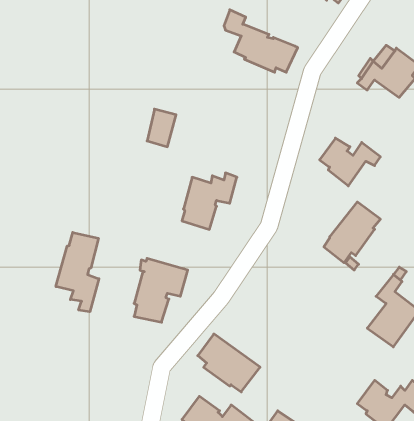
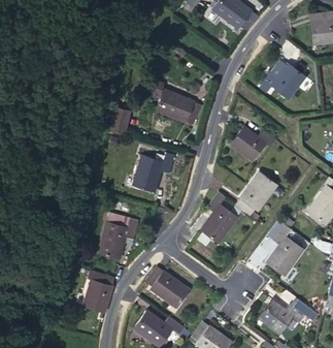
building: [224,10,298,72] -> [148,77,201,122]
building: none -> [200,191,237,243]
building: [56,232,99,312] -> none
building: none -> [85,270,114,311]

